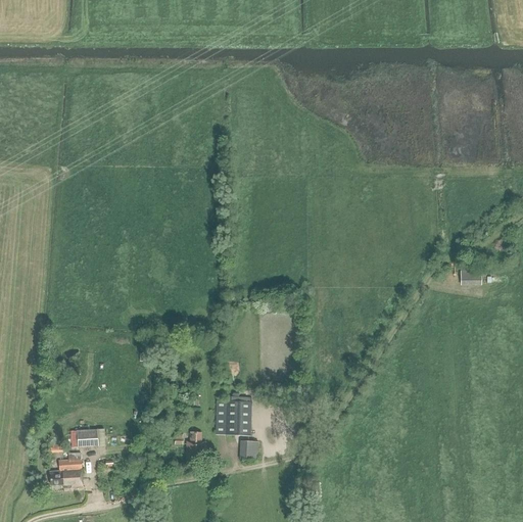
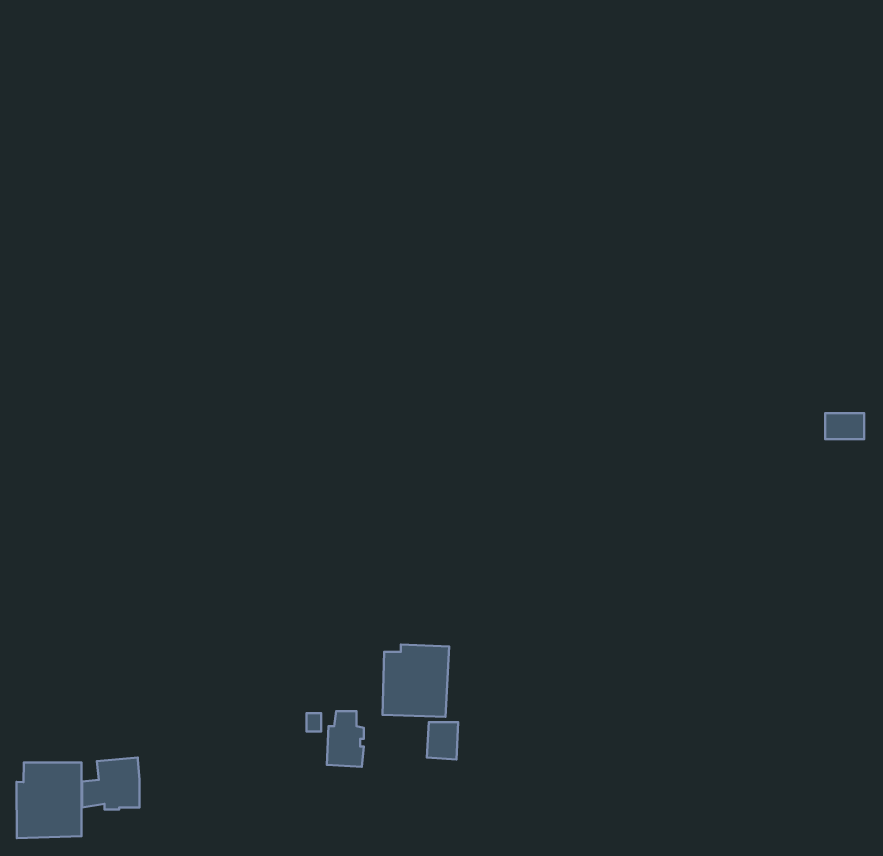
building: [72,428,97,445] -> none
building: none -> [17,763,81,838]

